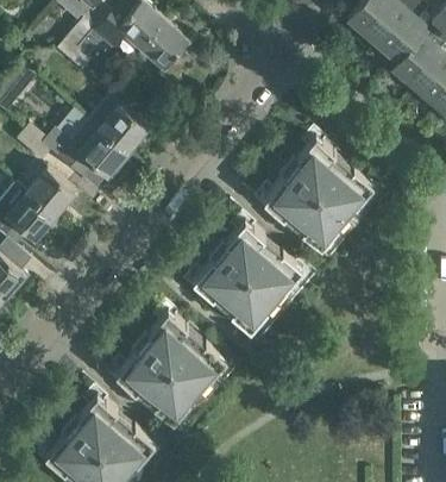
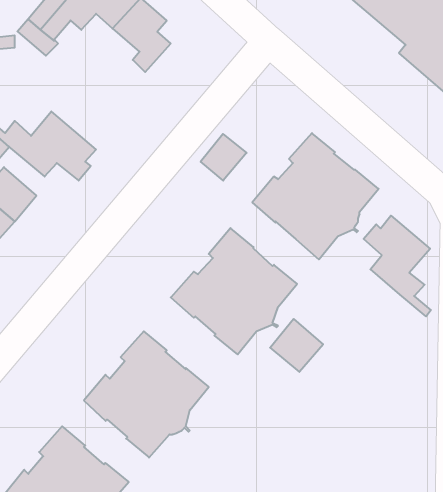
building: [87,96,146,154] -> none
building: none -> [201,134,247,181]
building: none -> [364,216,431,316]
building: none -> [270,319,323,372]

